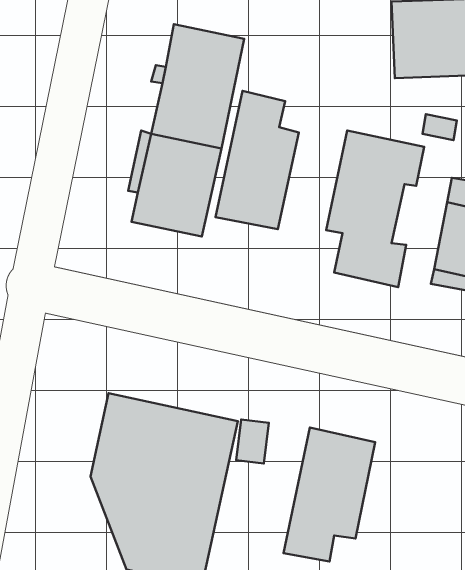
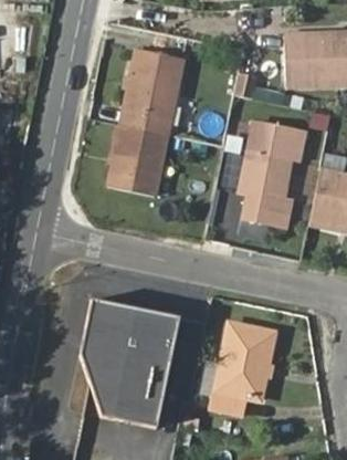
building: [215,91,299,229] -> none

